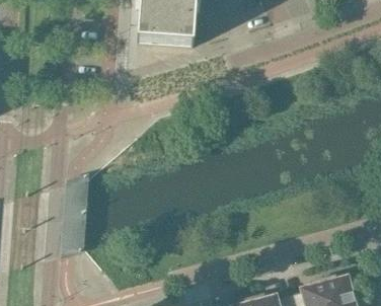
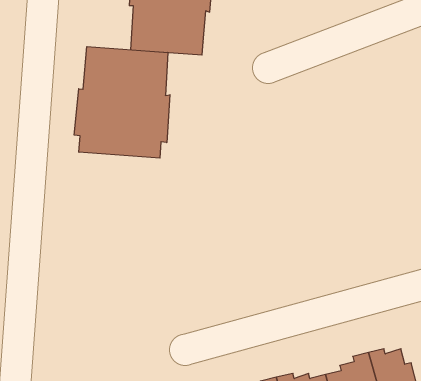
building: none -> [74,47,170,158]

